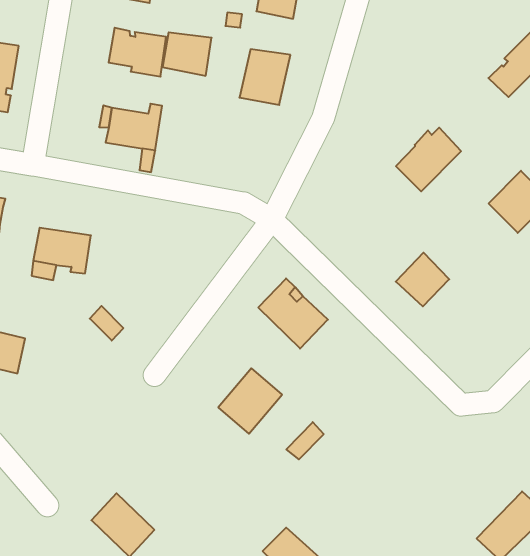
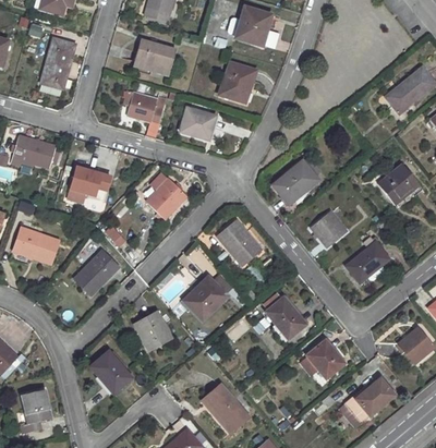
building: [163,32,212,76] -> [180,108,215,140]
building: [396,128,461,191] -> [274,162,318,204]
building: none -> [146,178,186,219]
building: none -> [347,242,389,282]
building: none -> [74,250,119,294]
building: none -> [265,296,304,339]
building: none -> [135,312,170,350]
building: none -> [306,340,343,378]

